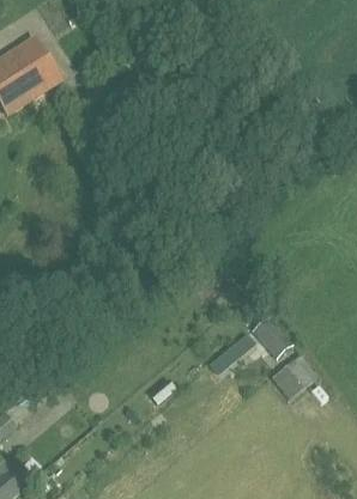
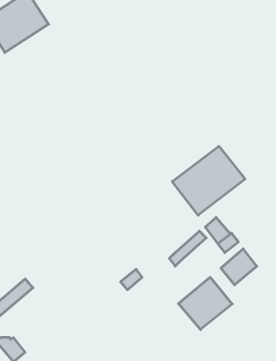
building: none -> [172,146,245,215]
building: none -> [178,277,232,330]

